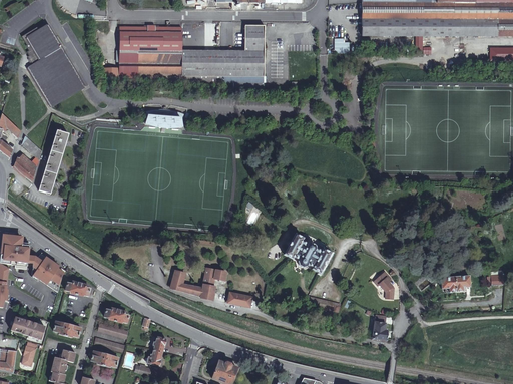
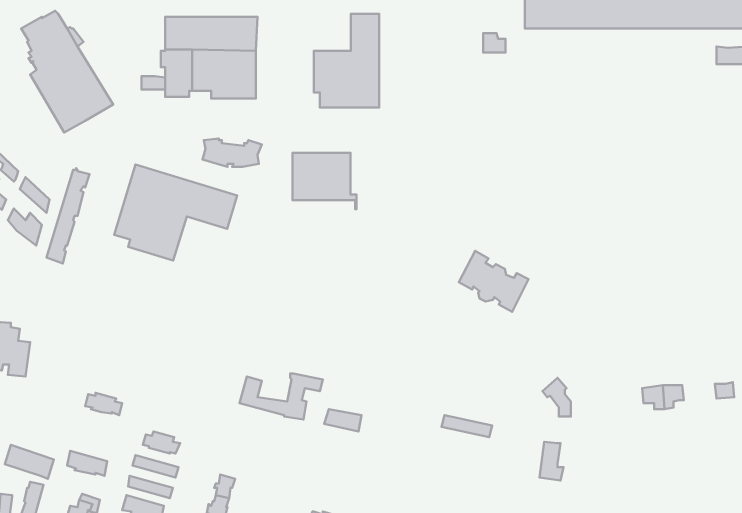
building: [181,50,224,88] -> [293,153,357,209]
building: none -> [114,164,237,260]
building: [285,233,332,274] -> [459,251,529,312]
building: [27,255,65,286] -> none

